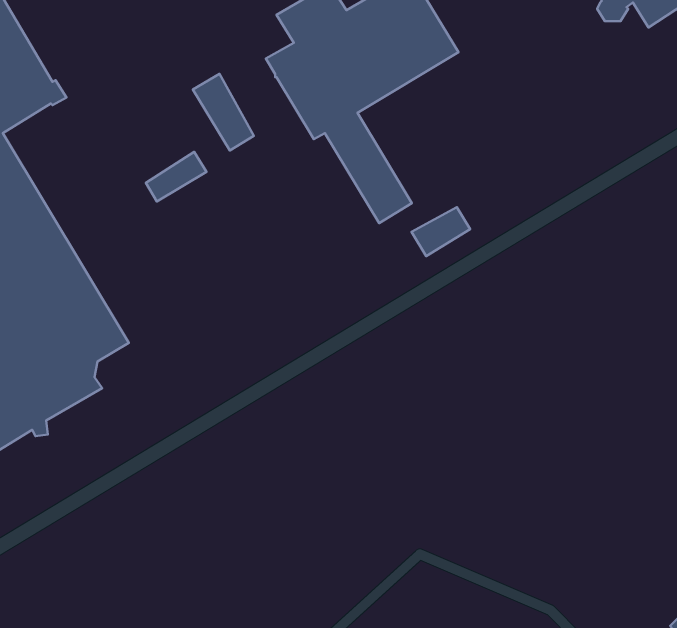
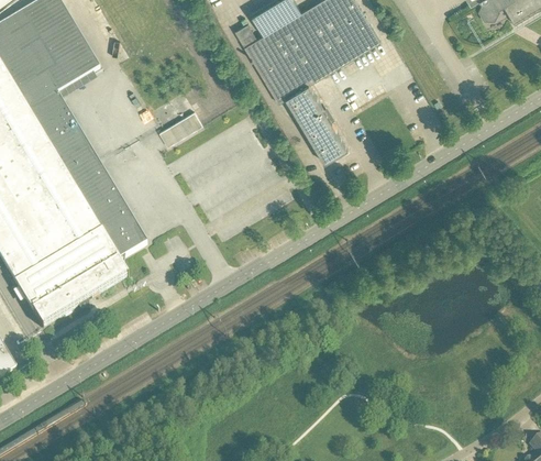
building: [193,74,254,150] -> none
building: [412,207,470,256] -> none

